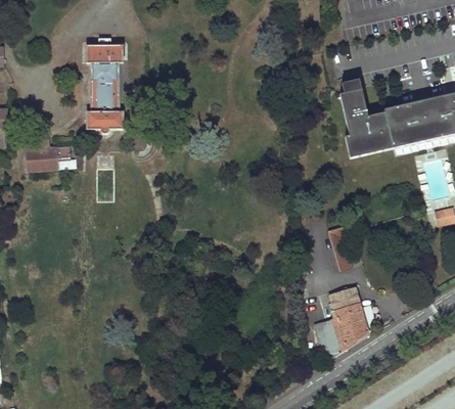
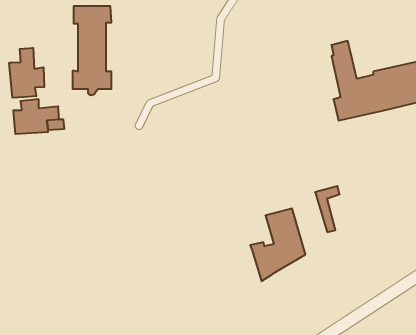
building: none -> [9,48,44,98]
building: [312,287,367,360] -> [250,208,305,281]

